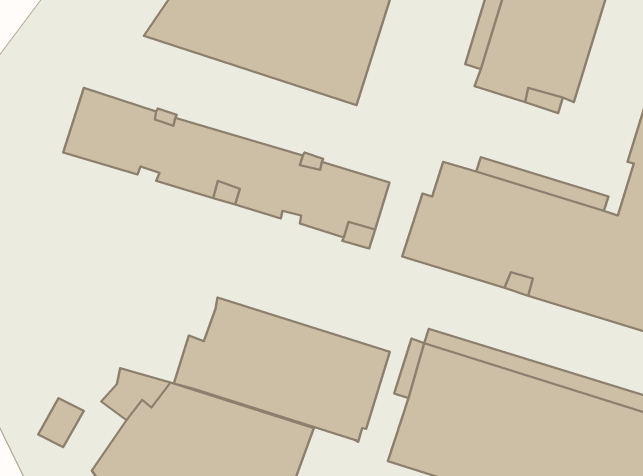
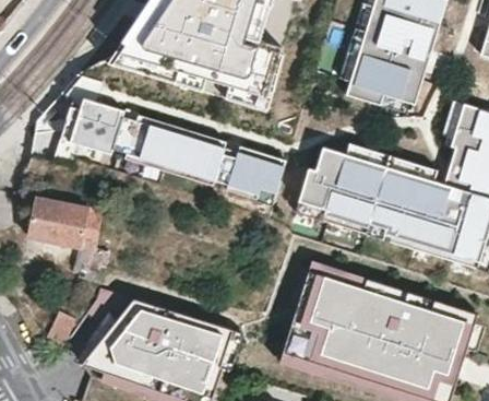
building: none -> [23,193,102,281]
building: [174,298,390,442] -> none

